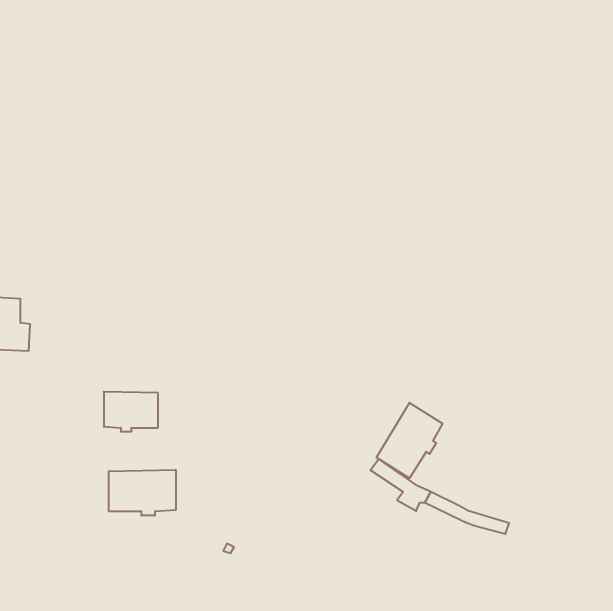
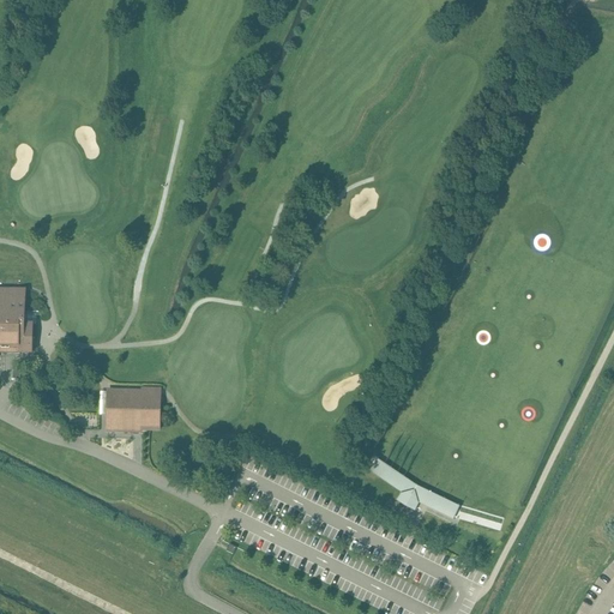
building: [377,403,442,478] -> none
building: [109,470,176,516] -> none

